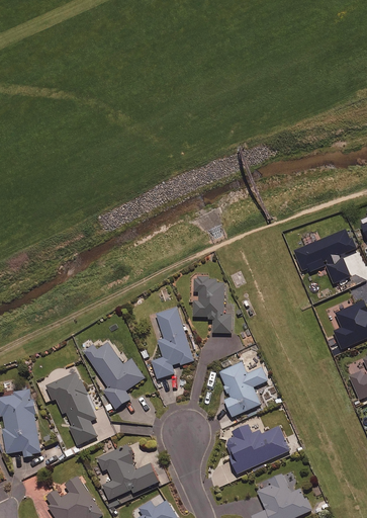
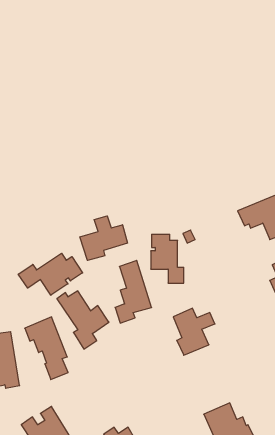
building: none -> [80,216,127,260]
building: none -> [18,253,83,295]
building: [223,425,290,473] -> none
building: [97,445,159,500] -> none

